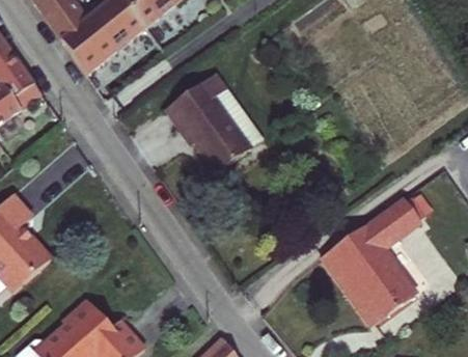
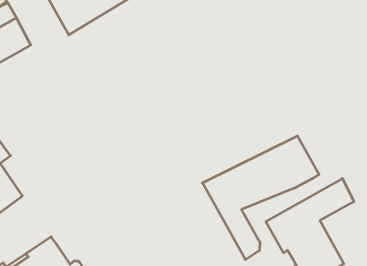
building: [161,65,274,171] -> none
building: none -> [202,136,319,260]

